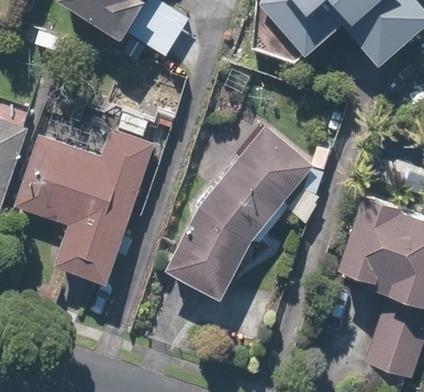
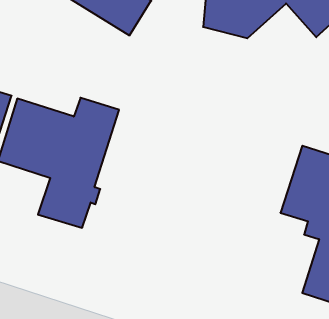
building: [166,125,314,296] -> none

